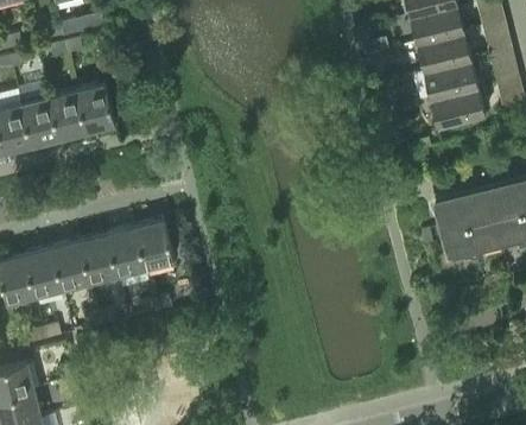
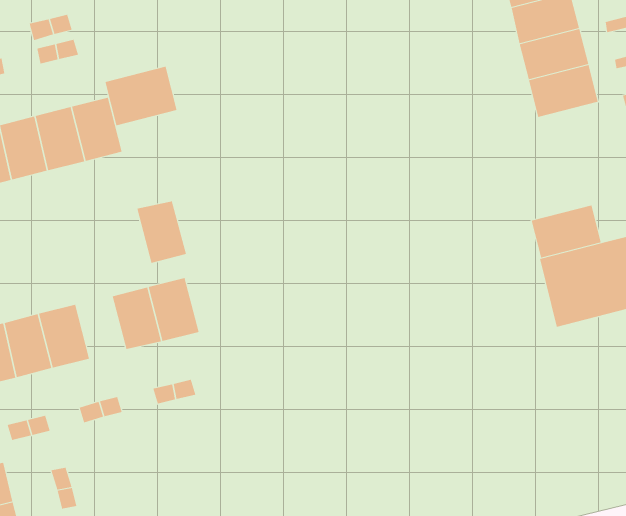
building: none -> [105,66,177,126]
building: [431,87,484,127] -> [531,205,601,258]
building: [81,234,119,281] -> [137,201,187,263]

